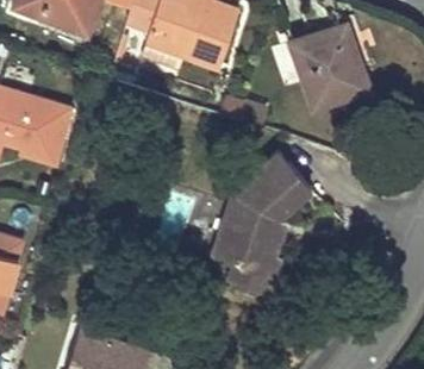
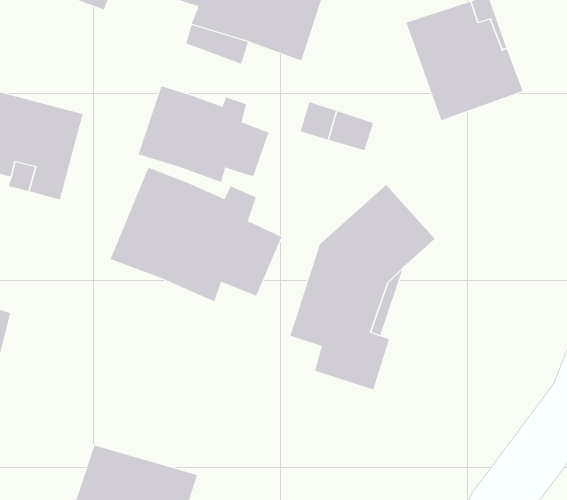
building: none -> [138,85,269,183]
building: none -> [110,167,282,302]

